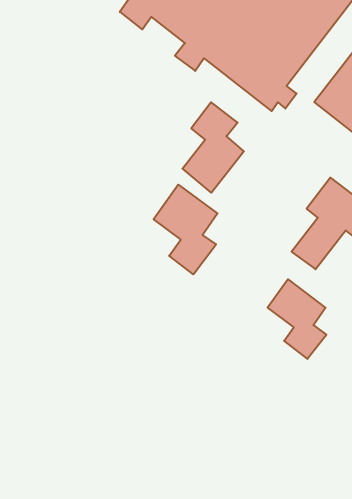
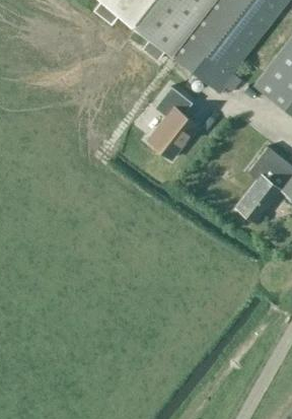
building: [154,185,218,274] -> none
building: [268,279,326,359] -> none

